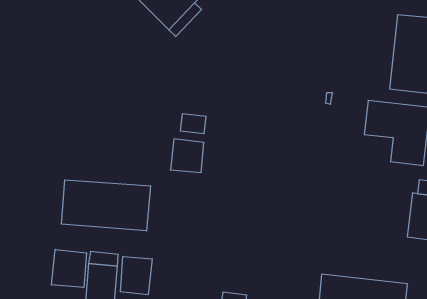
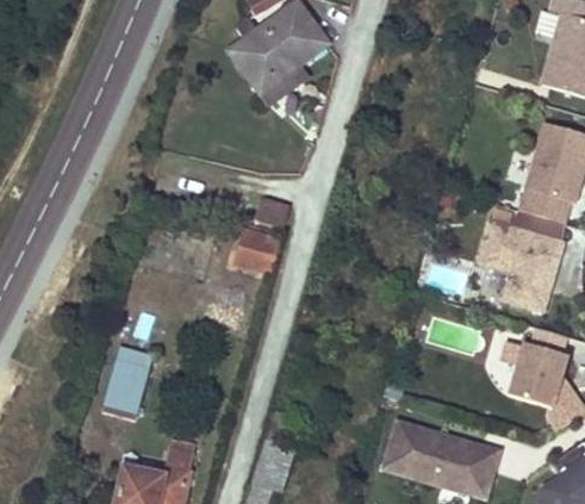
building: [61,180,150,231] -> none
building: [51,249,86,288] -> none
building: [120,256,152,295] -> none

